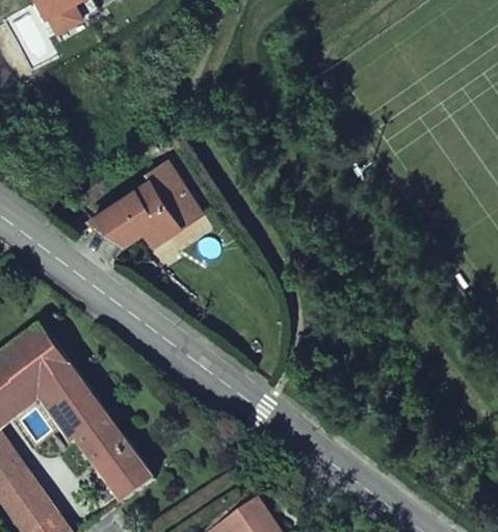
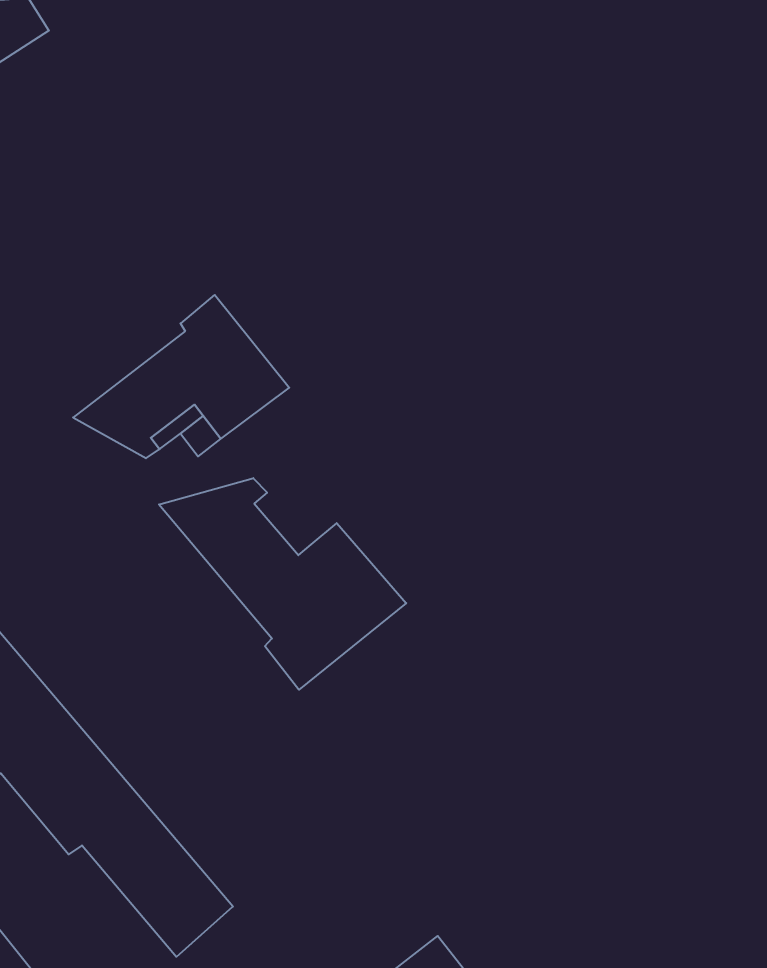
building: none -> [159,478,406,690]

